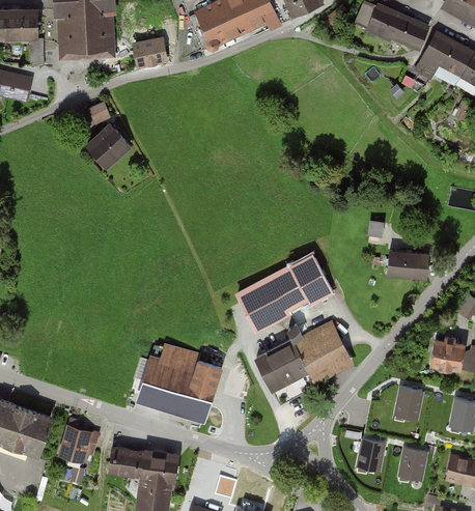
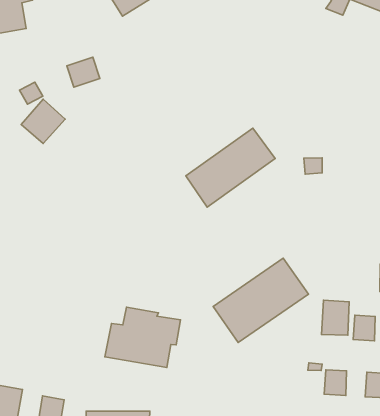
building: [134,39,166,67] -> [67,57,100,87]
building: [387,253,430,278] -> none
building: [240,256,334,331] -> [186,128,275,207]
building: none -> [322,300,349,335]

